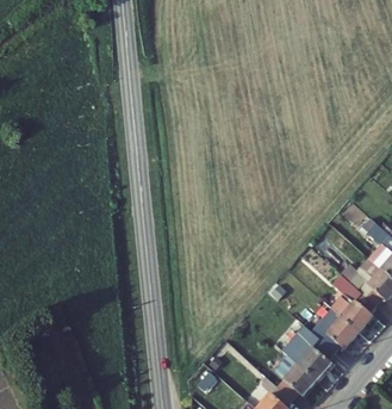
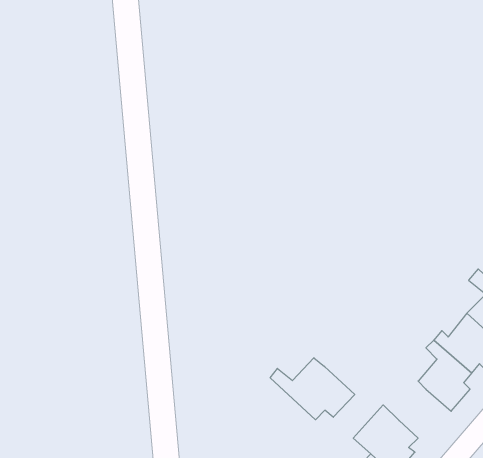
building: none -> [270,358,355,420]
building: [319,317,359,354] -> none

